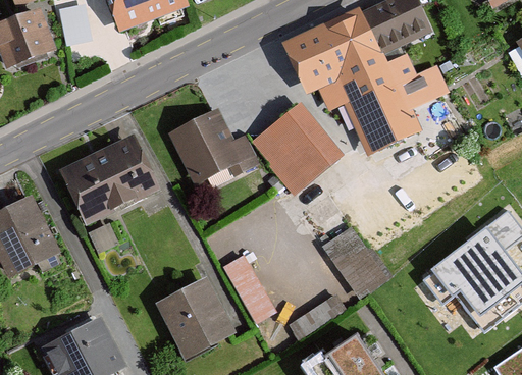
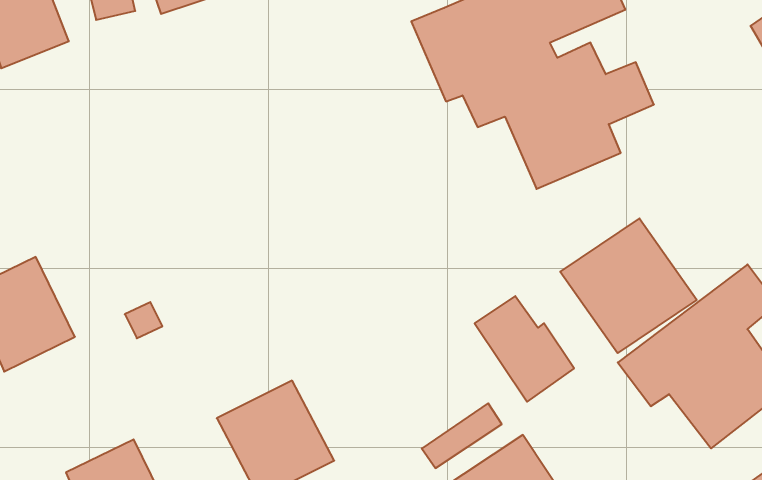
building: [169,102,340,197] -> none
building: [59,138,156,223] -> none
building: none -> [560,218,697,353]
building: [223,259,274,327] -> none

